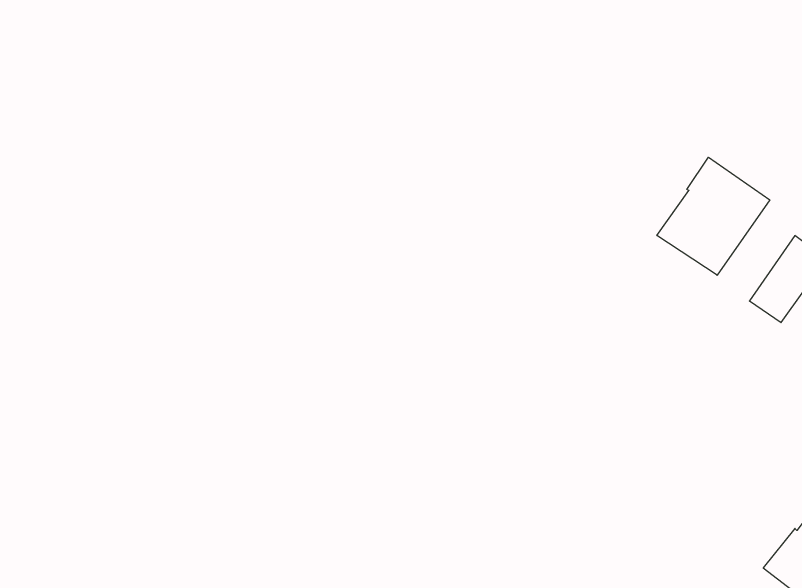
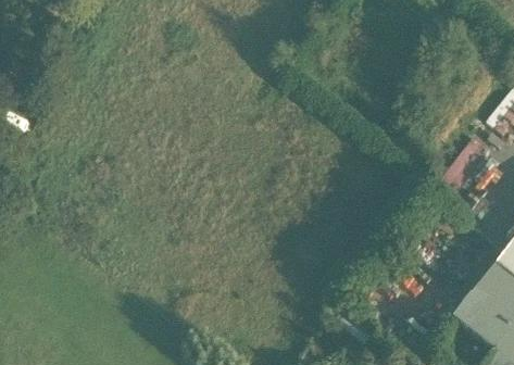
building: [657,157,770,275] -> none

